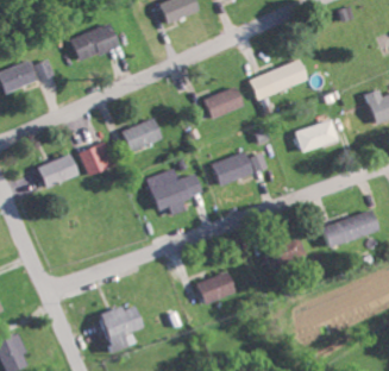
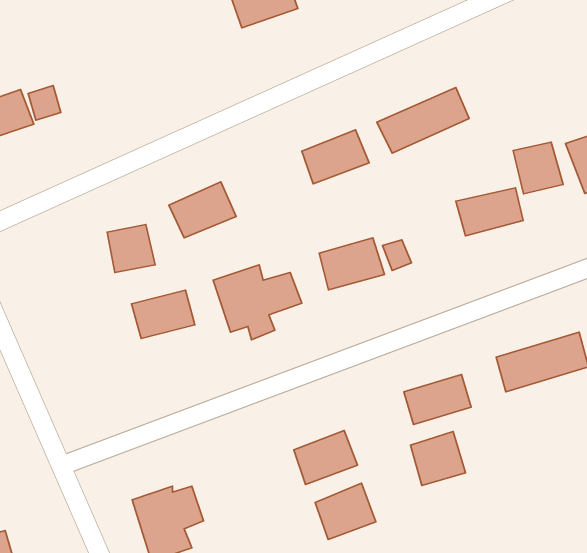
building: [70,23,118,62] -> none
building: none -> [513,142,563,194]
building: [37,156,76,186] -> [131,290,195,338]
building: none -> [411,432,465,485]
building: none -> [315,483,376,540]

